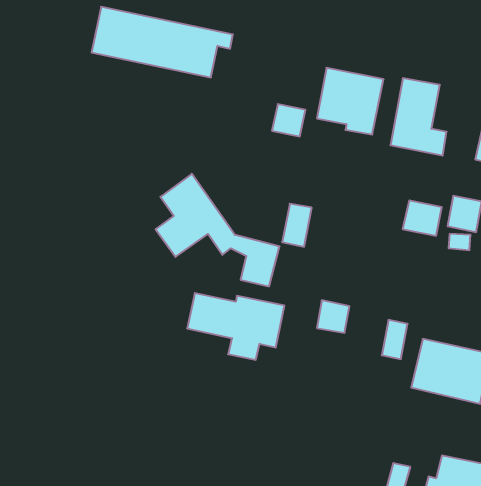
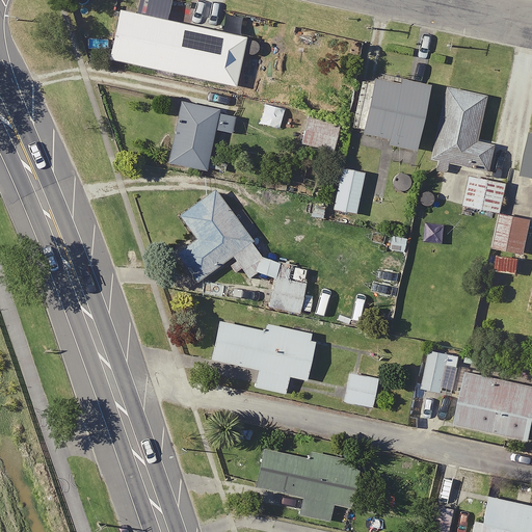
building: none -> [171,102,237,170]
building: [403,200,442,236] -> [463,176,506,214]
building: [282,204,312,247] -> [334,168,366,215]
building: [317,300,349,333] -> [344,373,379,408]
building: none -> [258,451,360,521]

